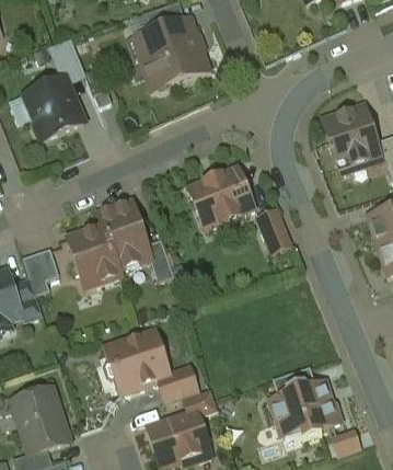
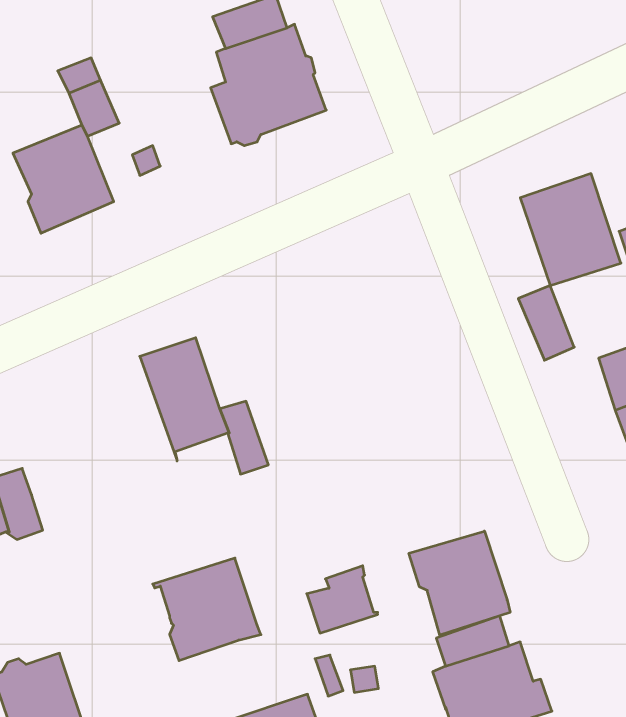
building: [187,165,253,227] -> none
building: [256,207,289,251] -> [518,286,574,360]
building: [67,211,119,285] -> none
building: [22,247,58,293] -> none
building: none -> [409,531,510,635]
building: [155,362,197,401] -> [307,566,378,633]

